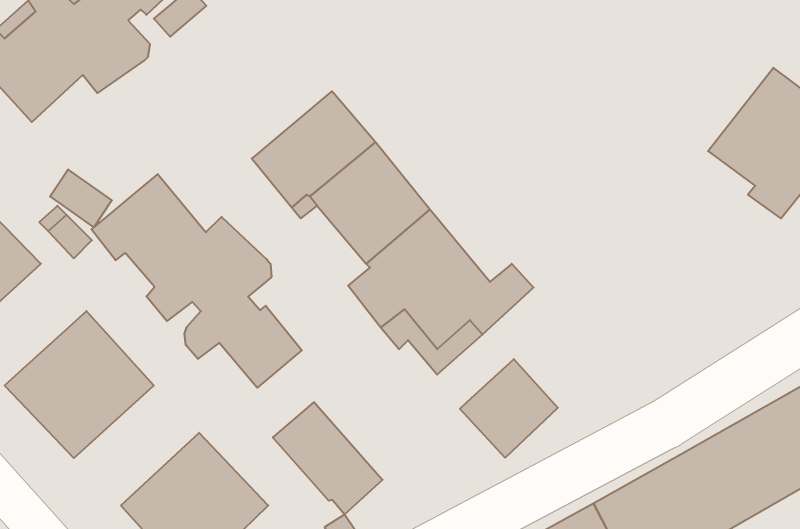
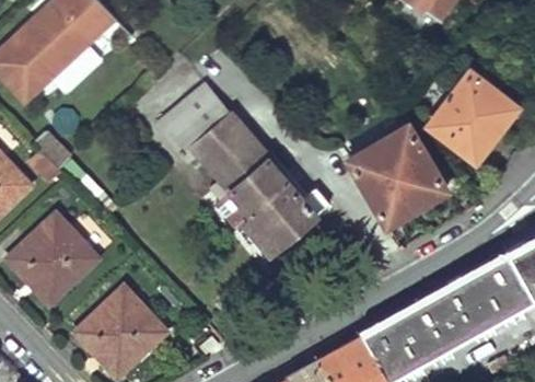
building: none -> [351,129,446,224]
building: [91,174,302,388] -> none
building: [460,359,558,458] -> none
building: [273,402,383,514] -> none

